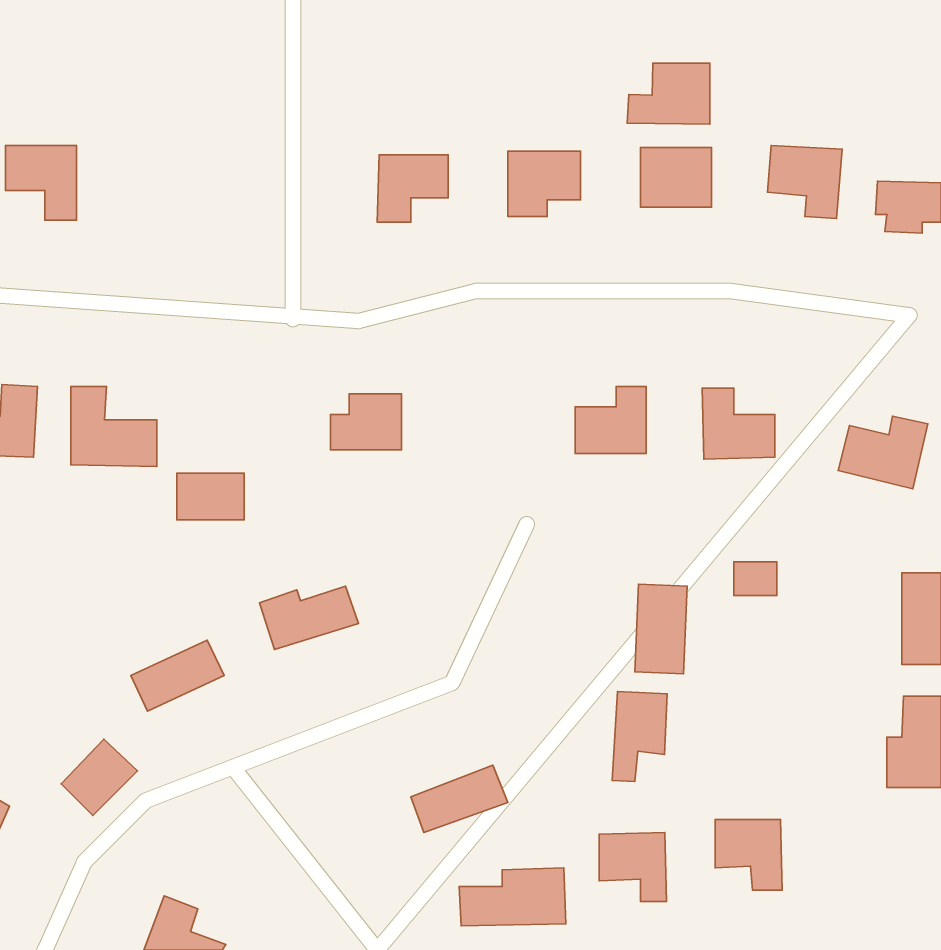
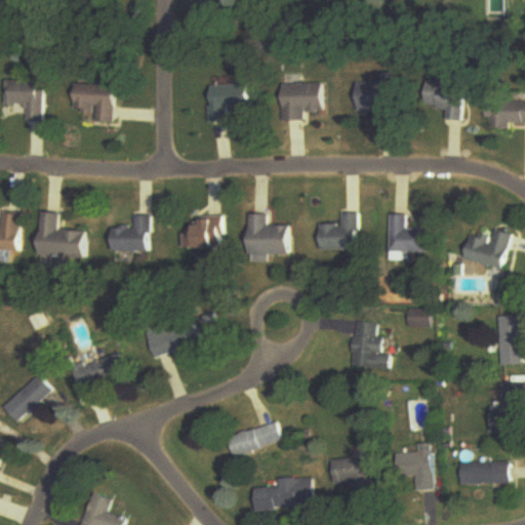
building: [627,63,710,124] -> none
building: none -> [73,83,114,123]
building: none -> [245,213,287,254]
building: [177,473,244,520] -> [110,226,147,251]
building: [612,692,667,782] -> none
building: [61,739,138,816] -> [11,375,53,417]
building: none -> [455,461,507,484]

